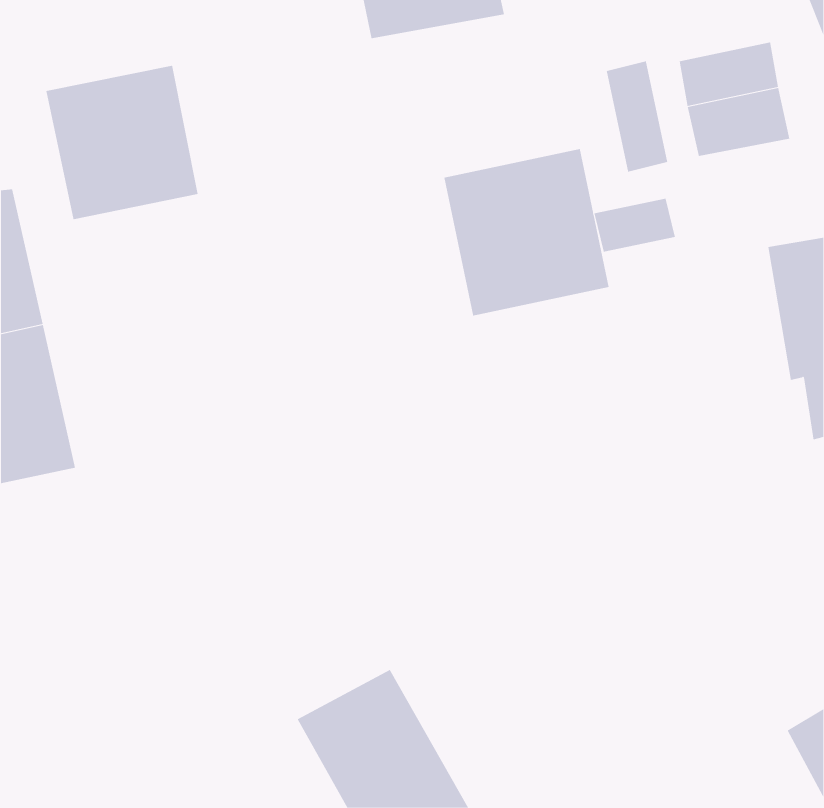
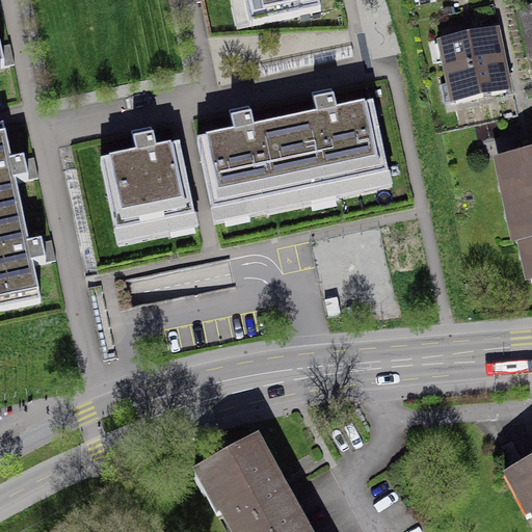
building: [606,60,668,172] -> none
building: [45,65,199,220] -> [100,141,198,241]
building: none -> [202,114,304,221]
building: [594,198,675,253] -> none

